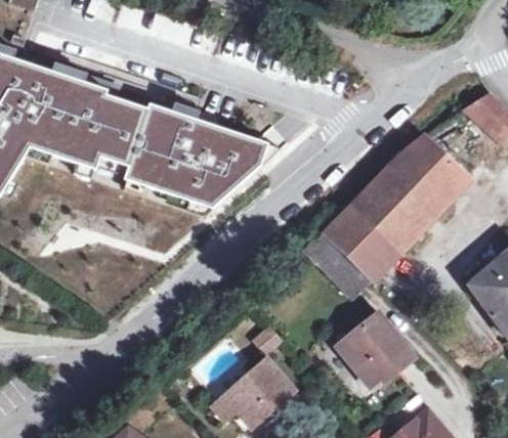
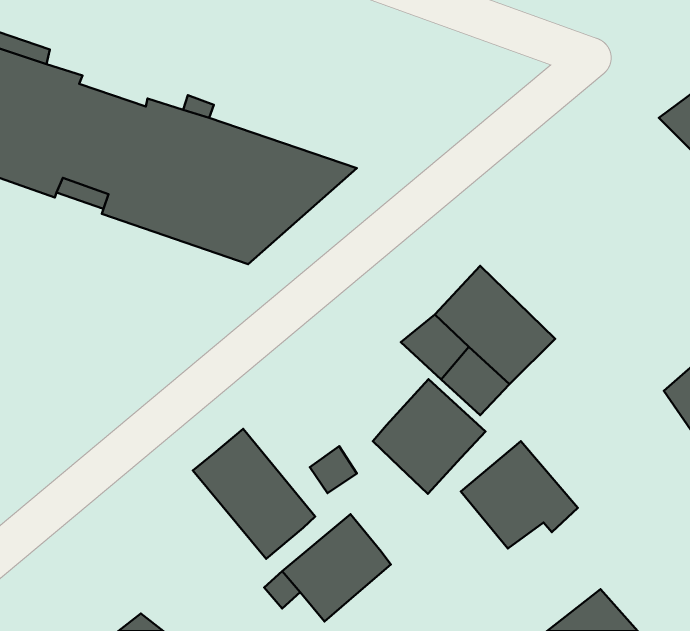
building: [353,140,468,252] -> none
building: none -> [373,379,485,494]
building: none -> [193,429,315,559]

